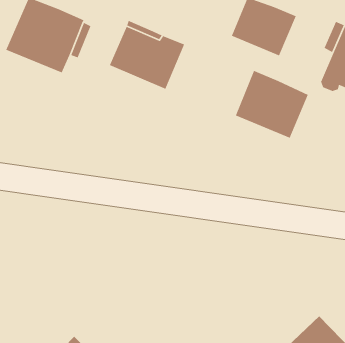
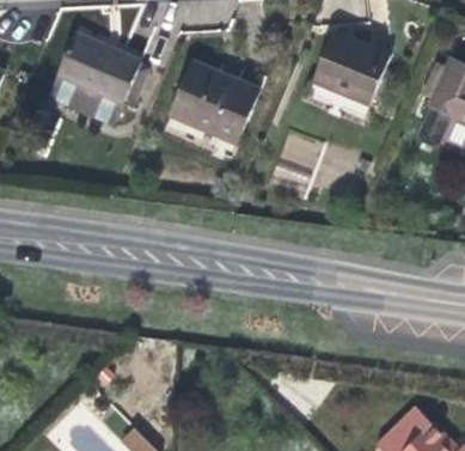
building: [235,70,309,139] -> none

